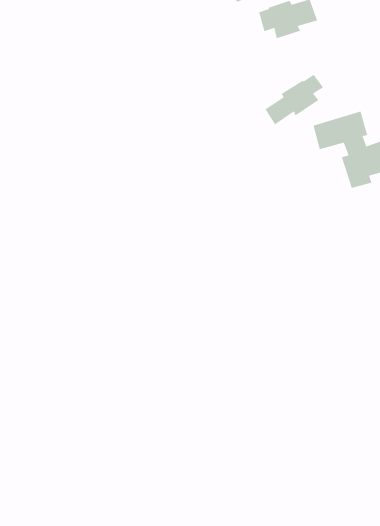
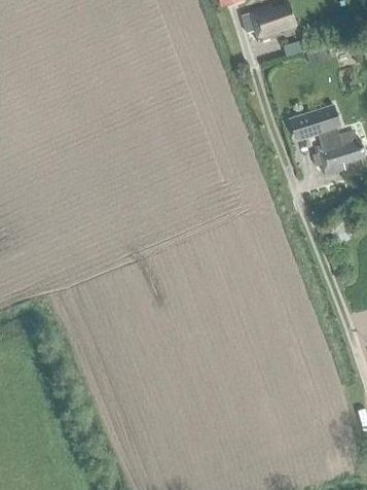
building: [265,74,324,125] -> none

